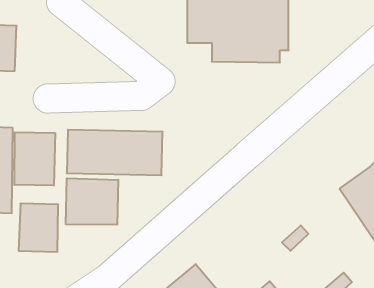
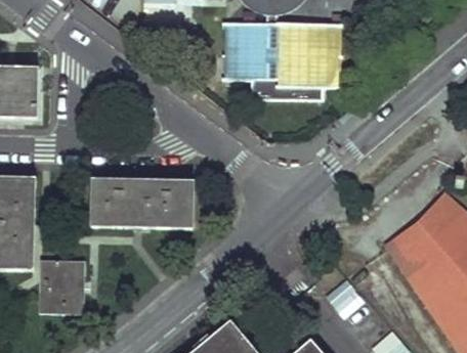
building: [14,132,55,186] -> none
building: [66,178,118,225] -> none

